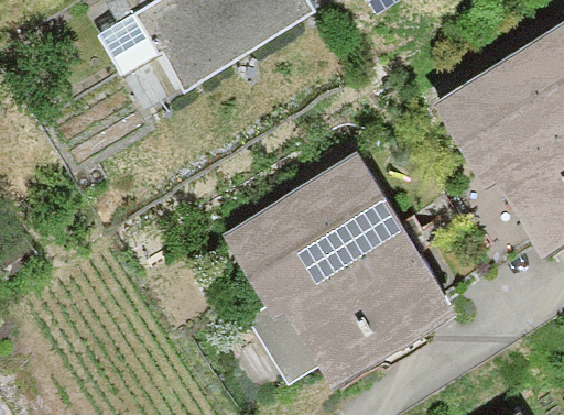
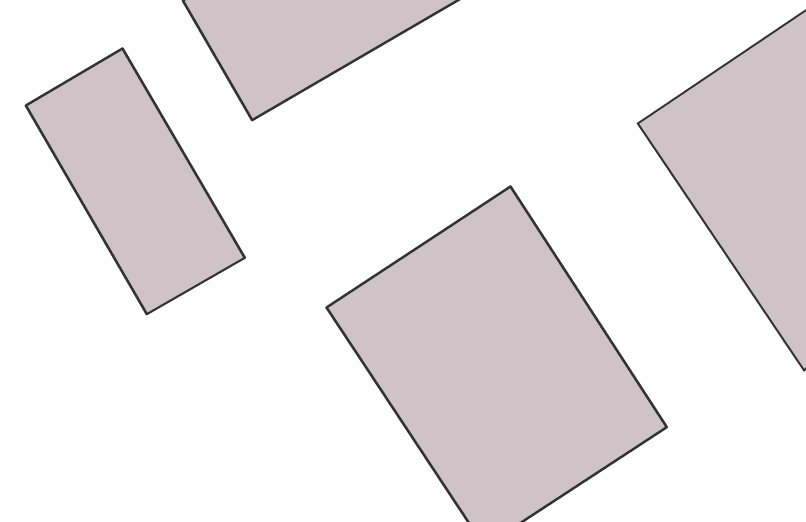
building: none -> [26,48,245,314]

